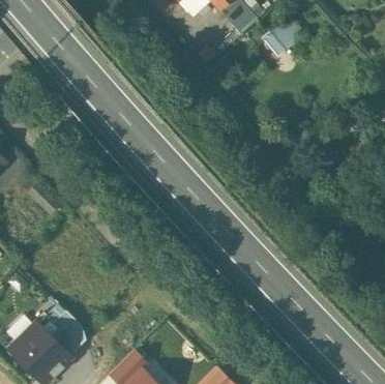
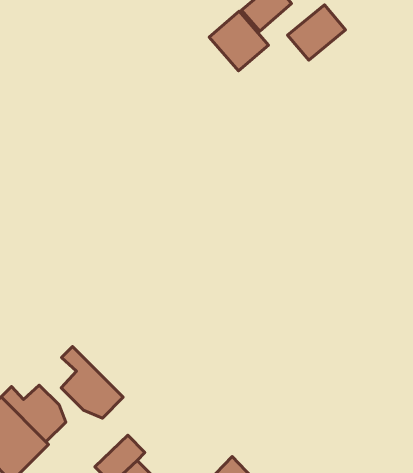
building: none -> [209,11,269,71]
building: none -> [61,346,123,418]

